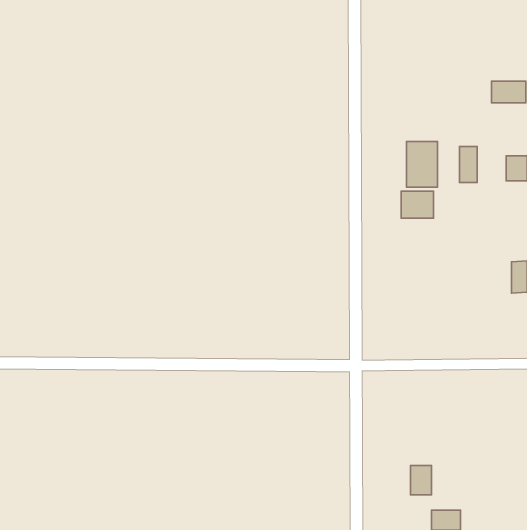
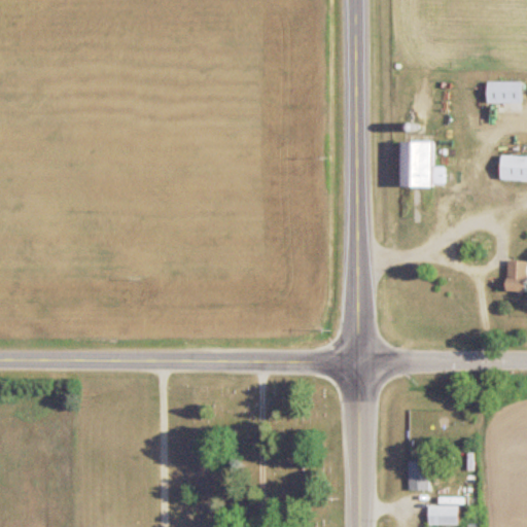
building: [459,147,477,182] -> none
building: [401,191,434,218] -> none

